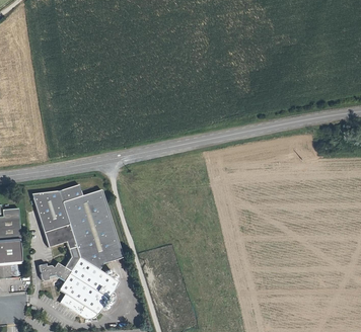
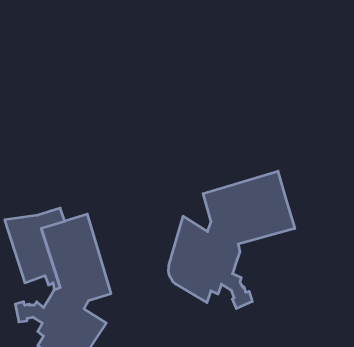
building: none -> [168,171,295,309]

